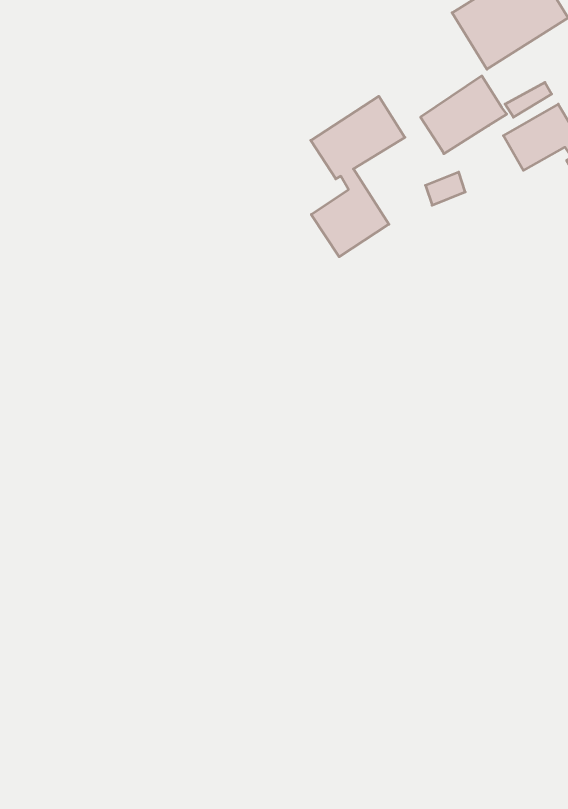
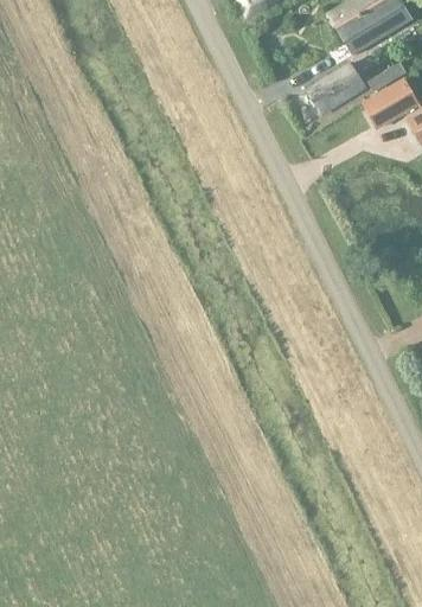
building: [311,96,405,257] -> none

